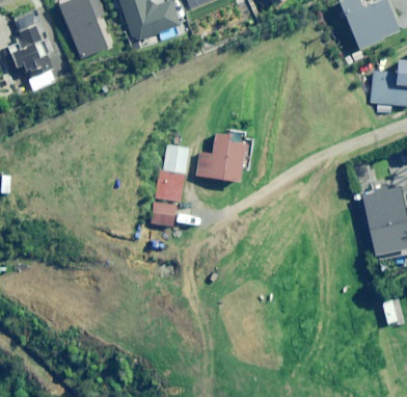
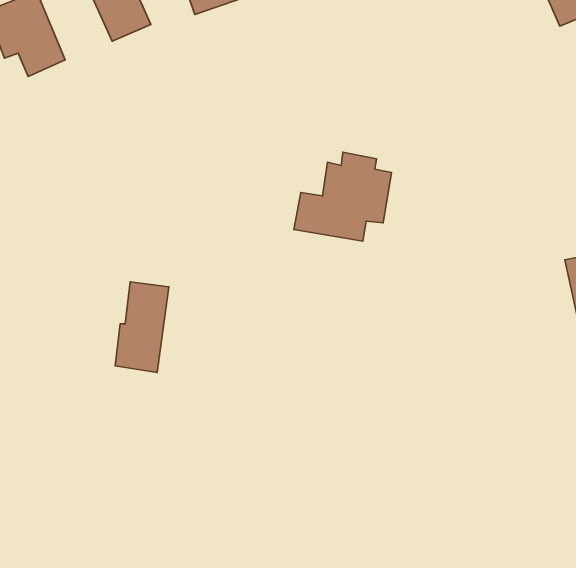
building: [157,144,190,201] -> [115,282,169,373]
building: [152,203,175,226] -> none

